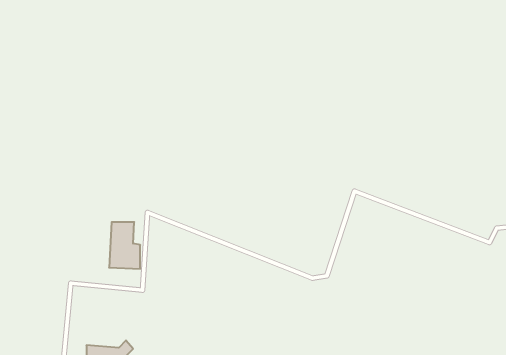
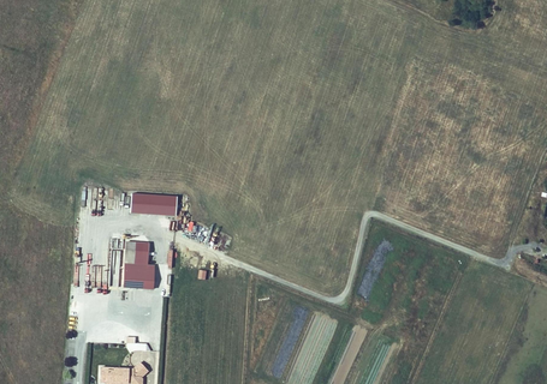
building: none -> [131,194,179,215]

